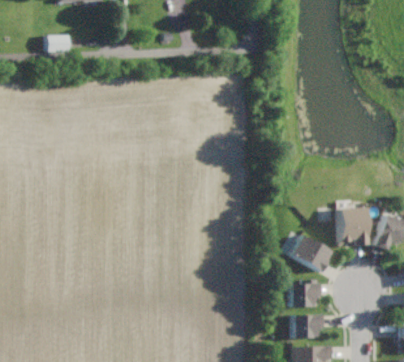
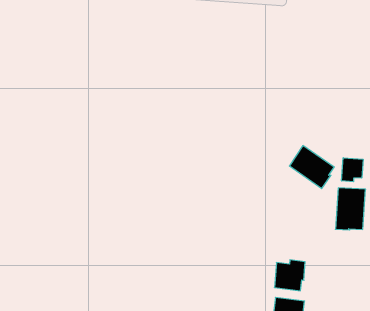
building: none -> [342,158,363,182]
building: [289,236,330,273] -> [289,146,334,189]

